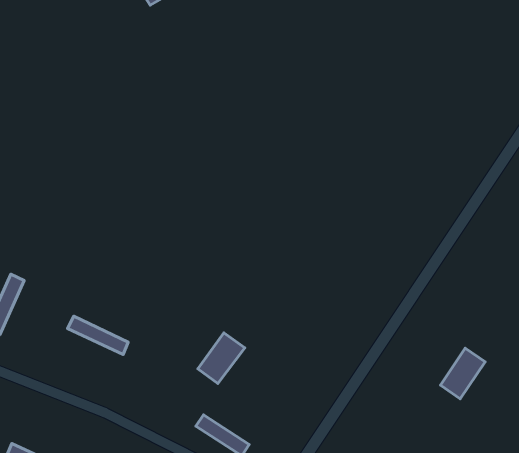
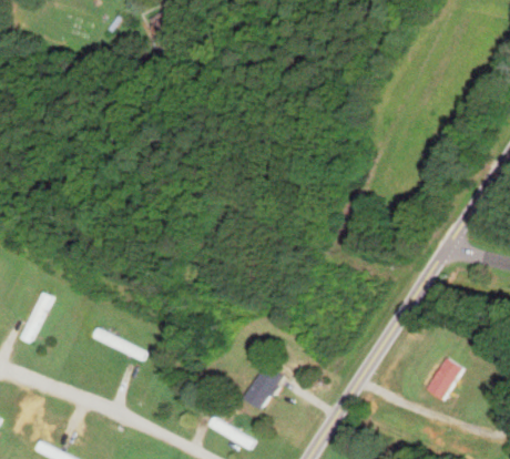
building: [198,333,245,384] -> [244,365,286,410]

